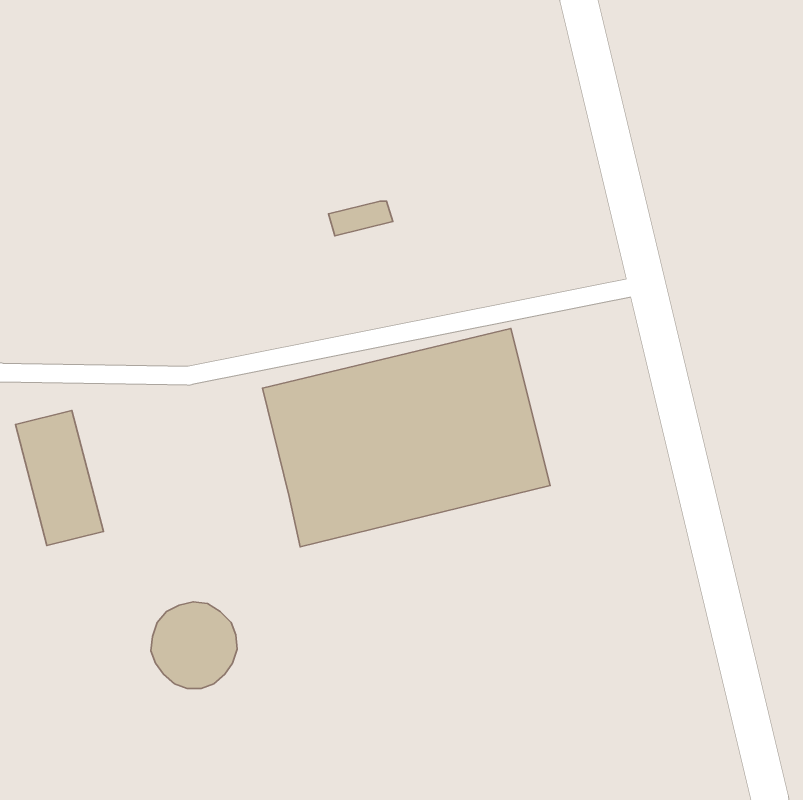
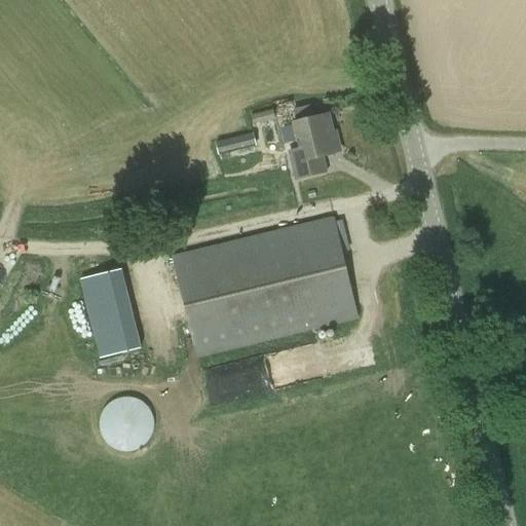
building: none -> [290,104,338,177]
building: [15,410,103,546] -> [82,268,140,356]

